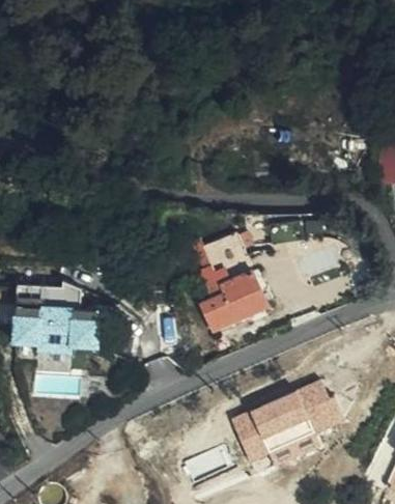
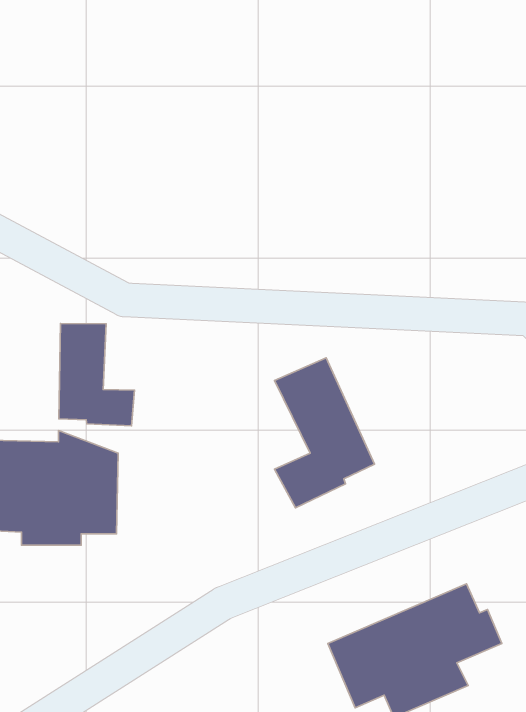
building: none -> [59,324,135,426]

